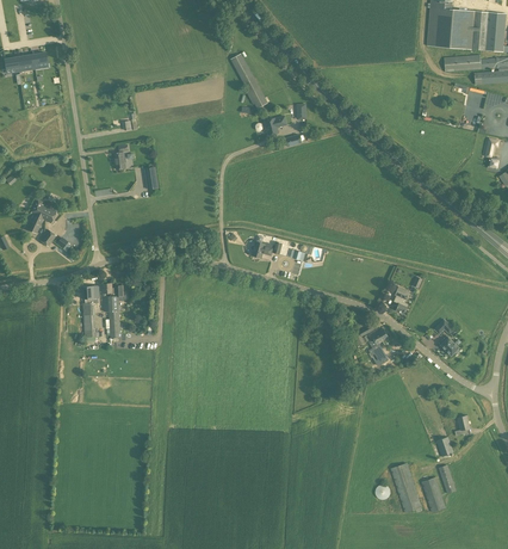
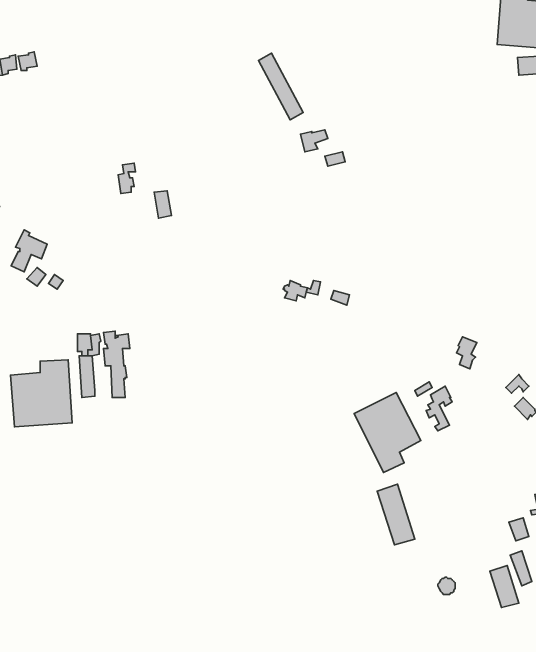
building: none -> [10,360,72,427]
building: none -> [354,393,421,472]
building: [390,461,421,511] -> [377,484,415,545]

